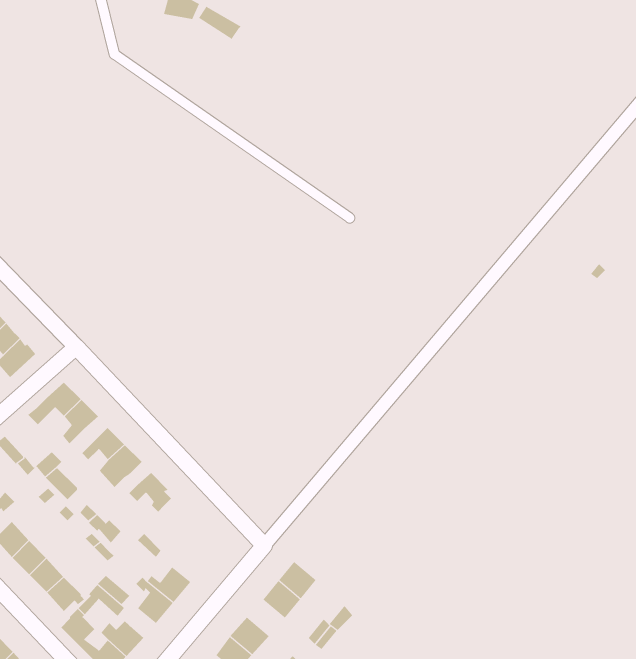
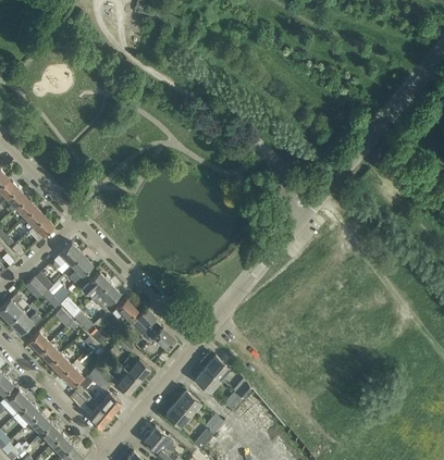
building: none -> [134,309,175,349]

